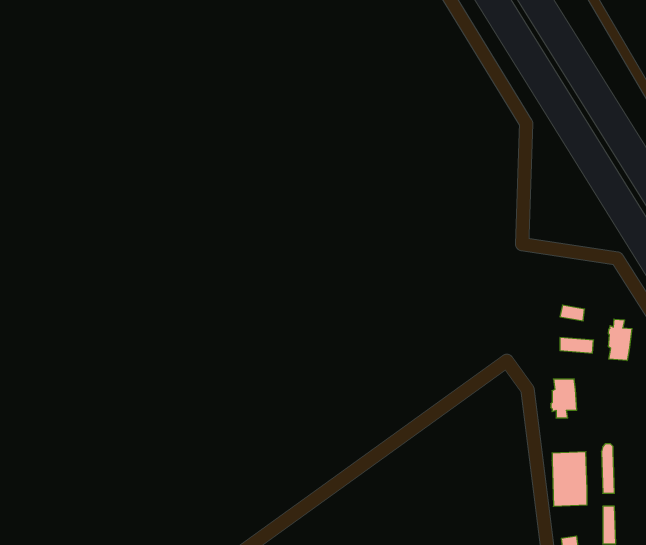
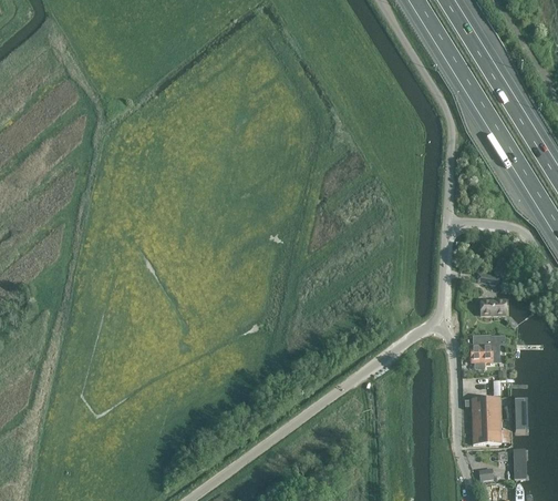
building: [608,319,632,361] -> none

